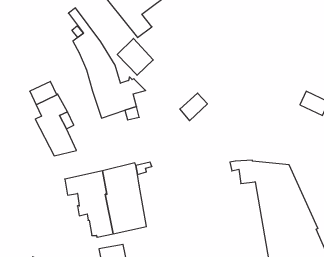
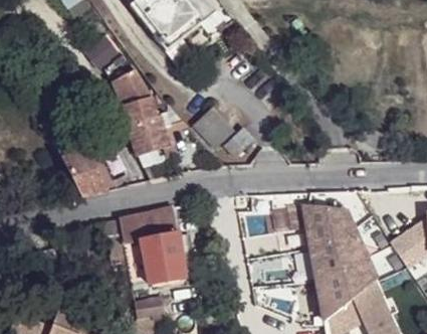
building: [117,38,153,75] -> [194,106,234,147]

